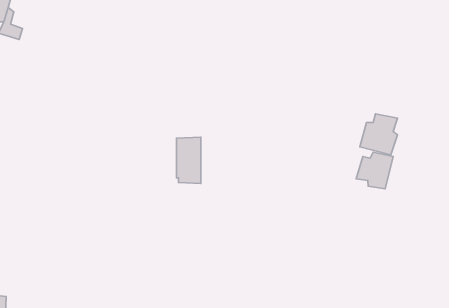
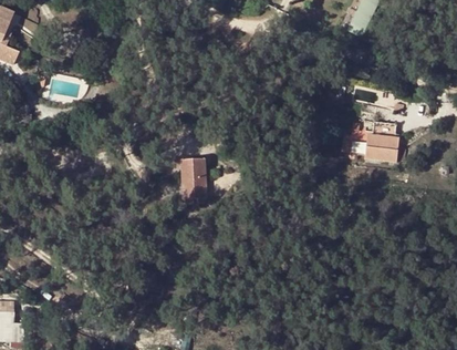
building: [356,152,393,189] -> none

